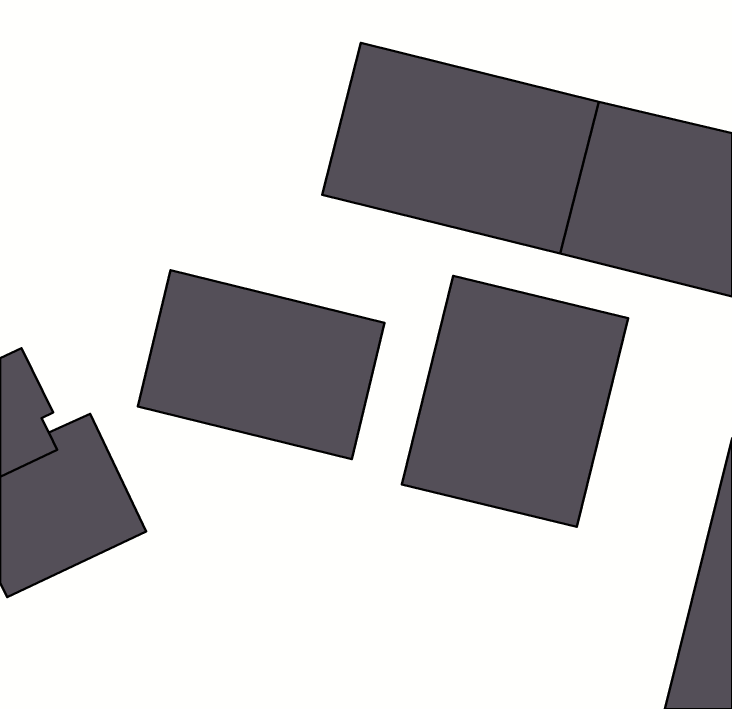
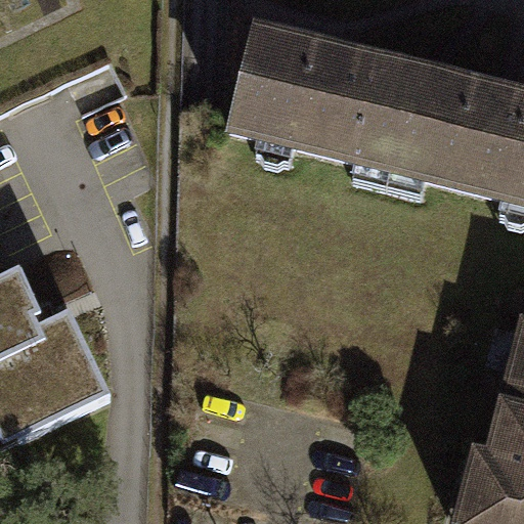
building: [138,270,384,459] -> none
building: [402,276,628,527] -> none

